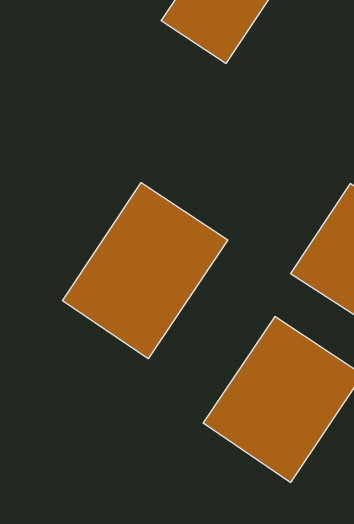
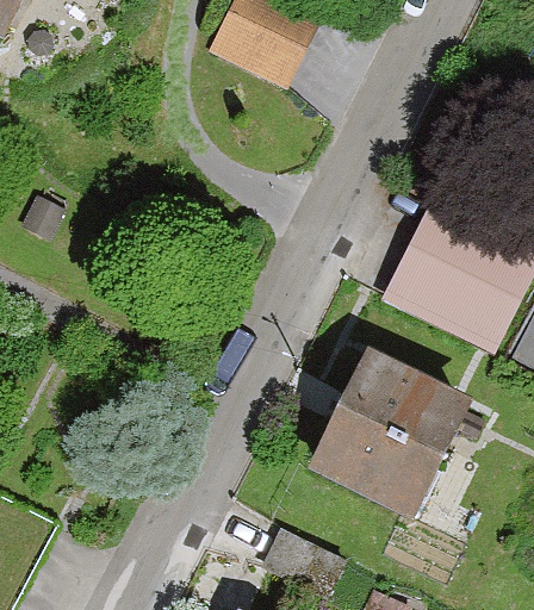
building: [63,183,228,359] -> none

